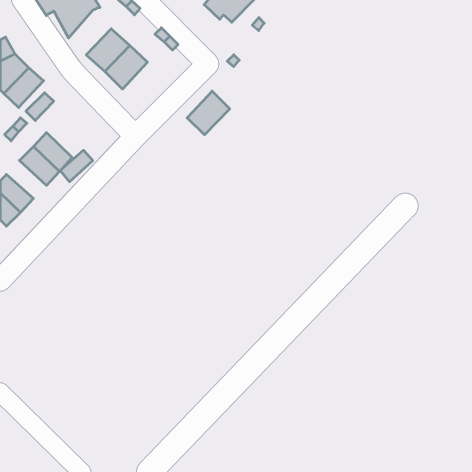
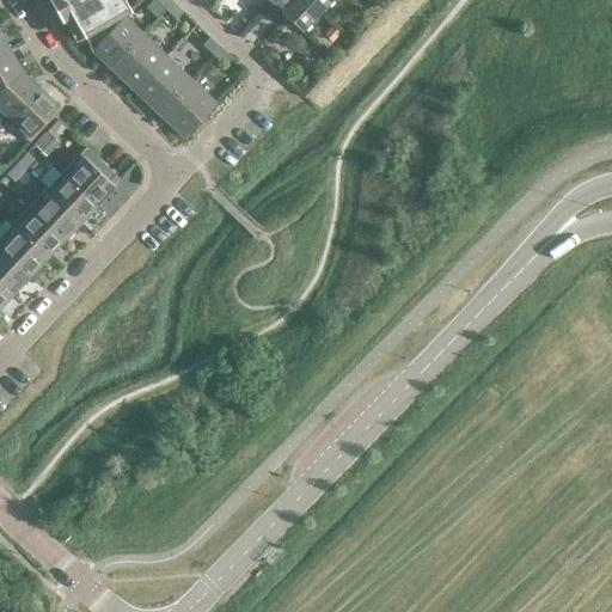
building: none -> [91,13,146,71]
building: [187,91,230,135] -> [160,80,215,136]
building: none -> [62,153,114,203]
building: none -> [11,207,62,256]

